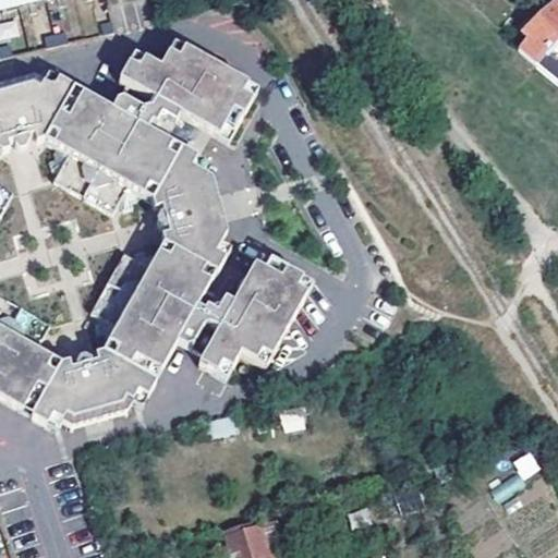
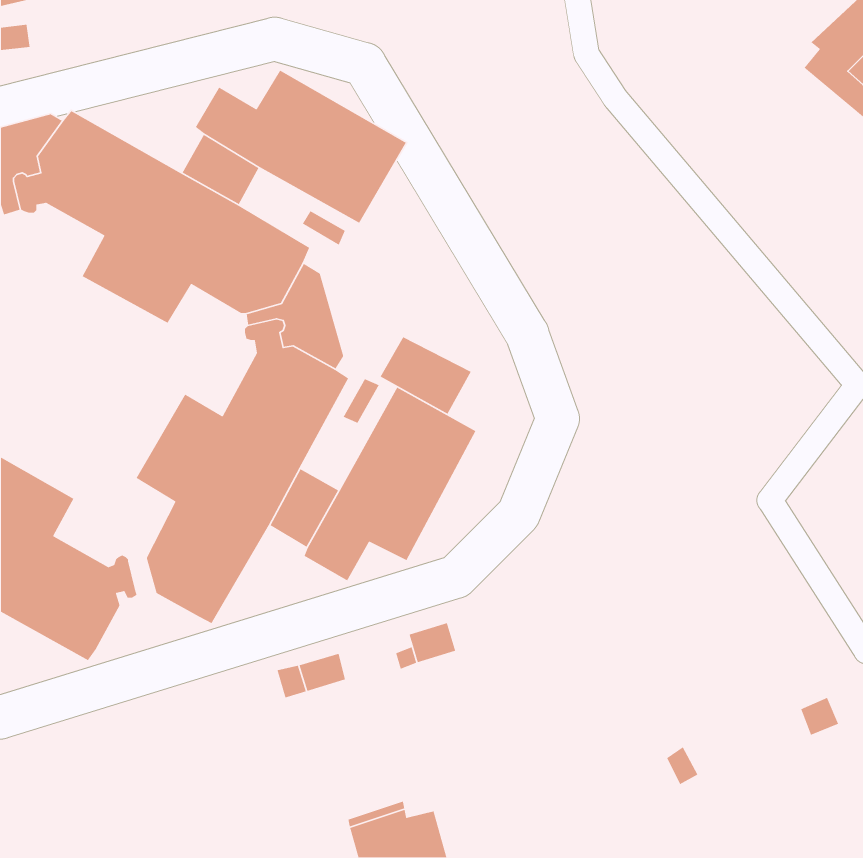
building: none -> [380,336,472,415]
building: [64,359,130,423] -> none

